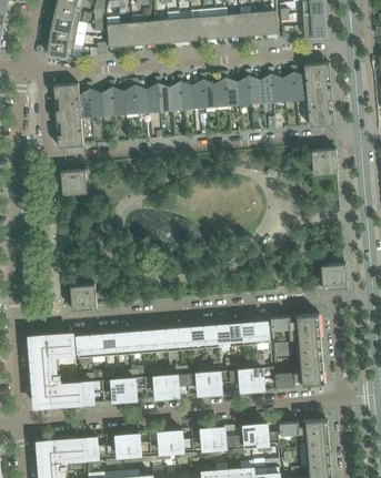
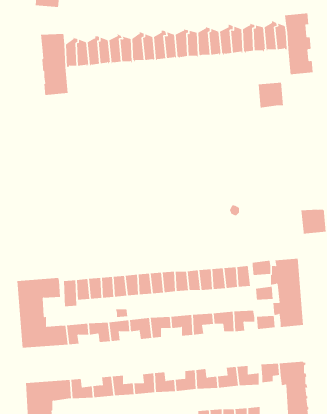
building: [311,149,338,175] -> [258,82,284,108]
building: [60,170,87,195] -> none
building: [70,284,96,309] -> none

